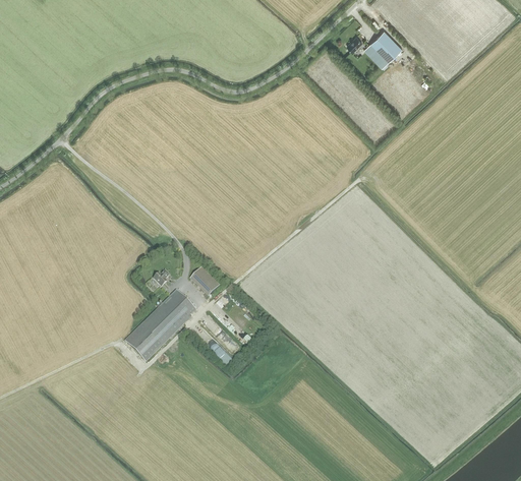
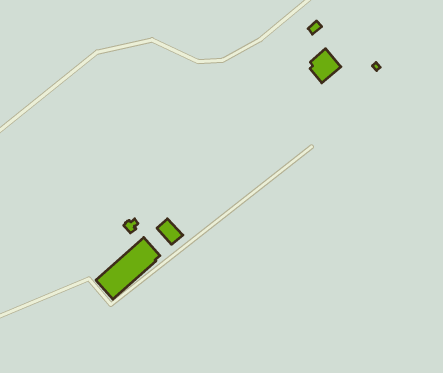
building: [367,29,402,68] -> [310,49,341,83]

